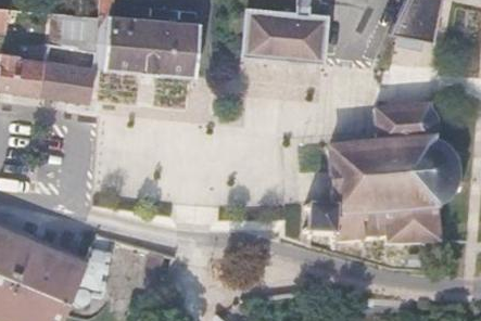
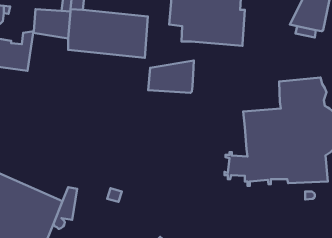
building: [39,44,93,102] -> none
building: none -> [148,61,194,93]

